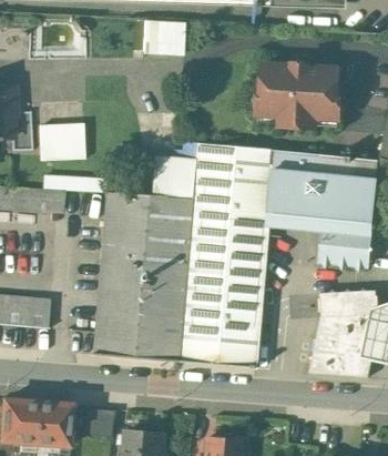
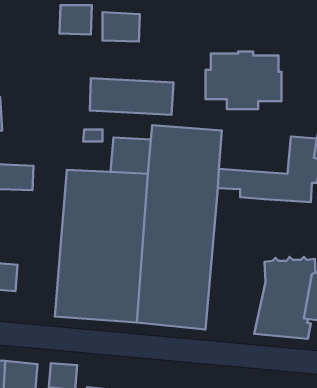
building: none -> [60,5,92,35]
building: none -> [90,78,174,115]
building: [38,123,84,159] -> none
building: [270,149,349,196] -> none
building: [318,224,371,271] -> none

